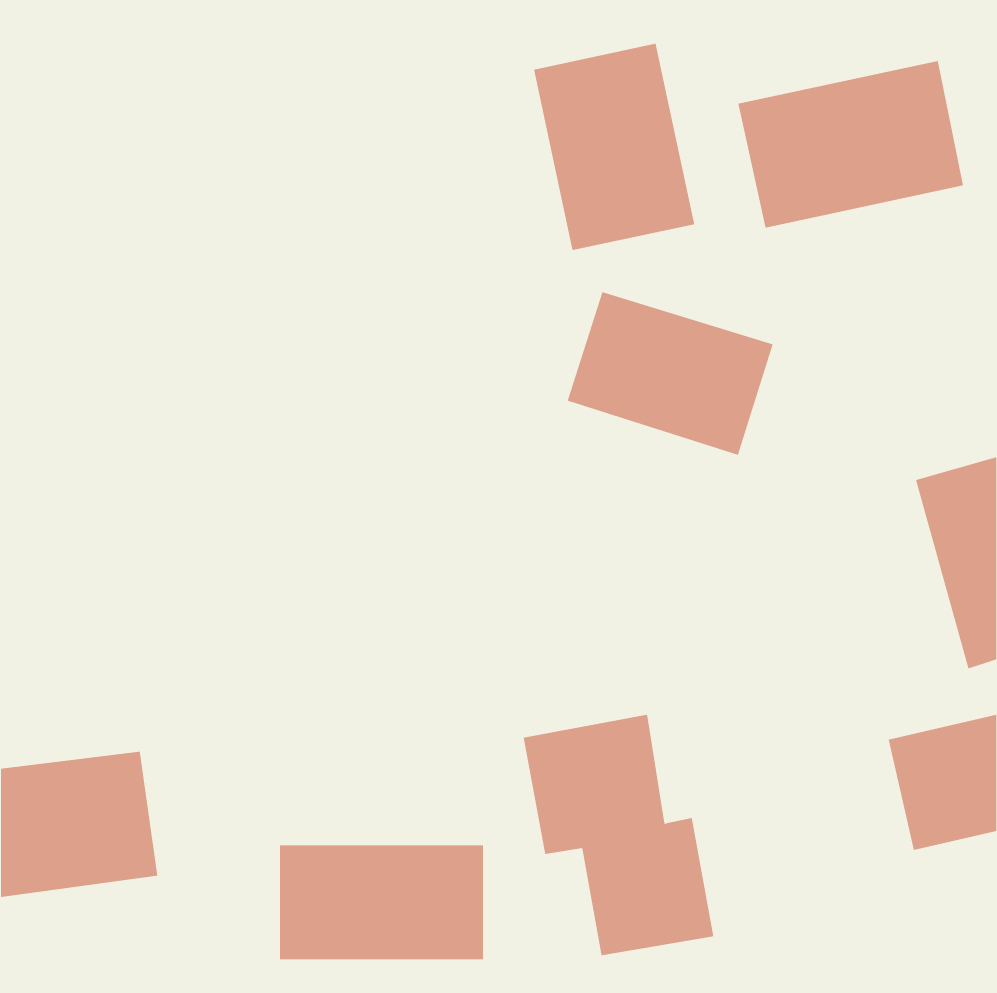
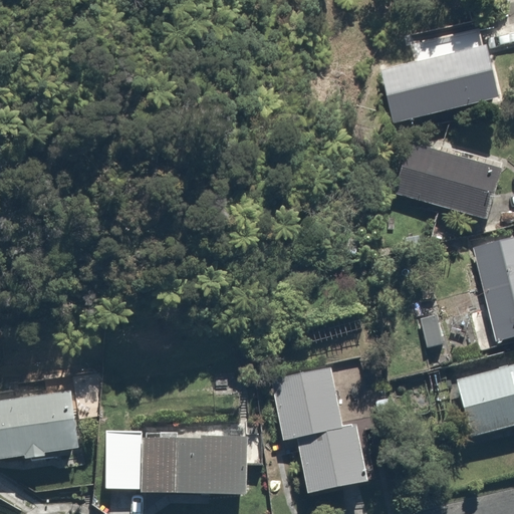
building: [533,43,695,251] -> none
building: [567,291,774,455] -> [399,140,505,224]
building: none -> [103,431,139,489]

